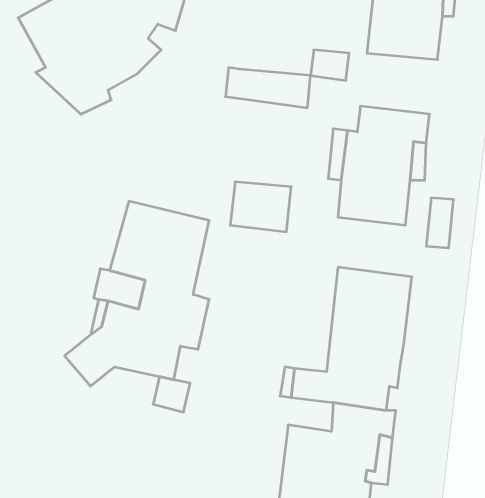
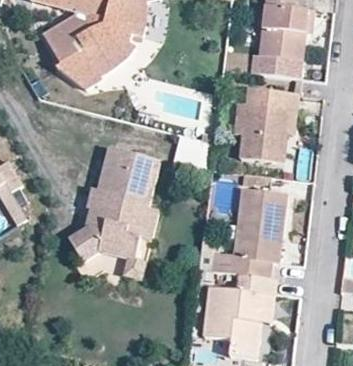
building: [225,68,311,108] -> [249,53,302,78]

